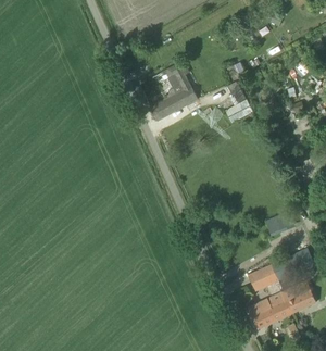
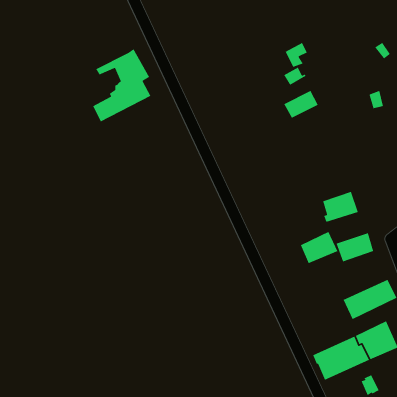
building: [150,62,197,121] -> [92,48,152,123]
building: none -> [322,191,359,223]
building: [248,265,278,291] -> [300,231,339,264]

